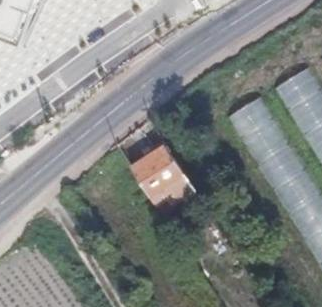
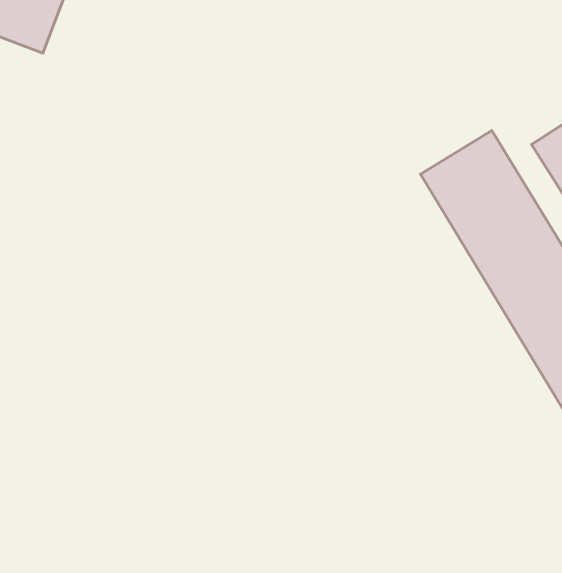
building: [132,142,195,235] -> none

